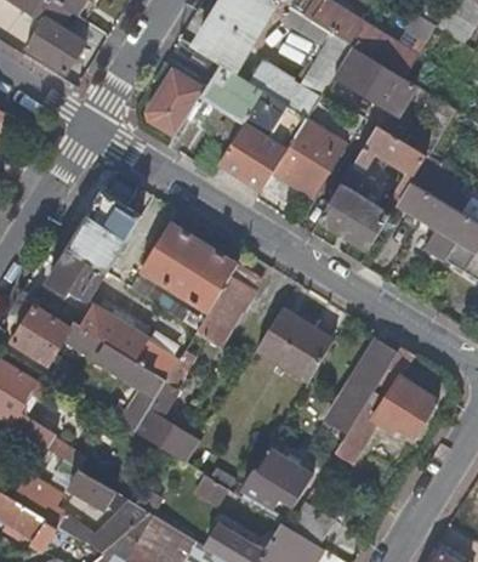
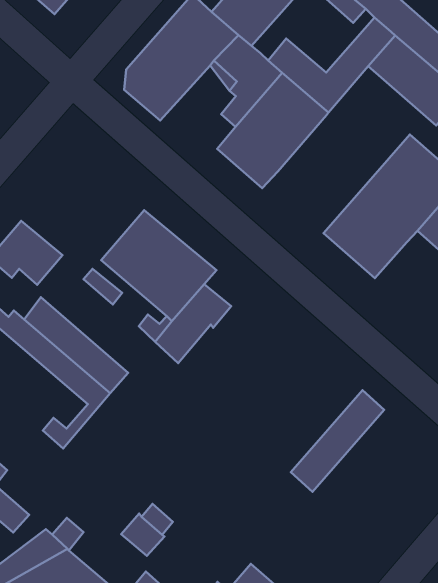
building: [274,120,346,197] -> none
building: [68,193,140,272] -> none
building: [256,313,332,381] -> none
building: [335,346,436,462] -> none
building: [133,348,198,464] -> none
building: [241,452,311,509] -> none

